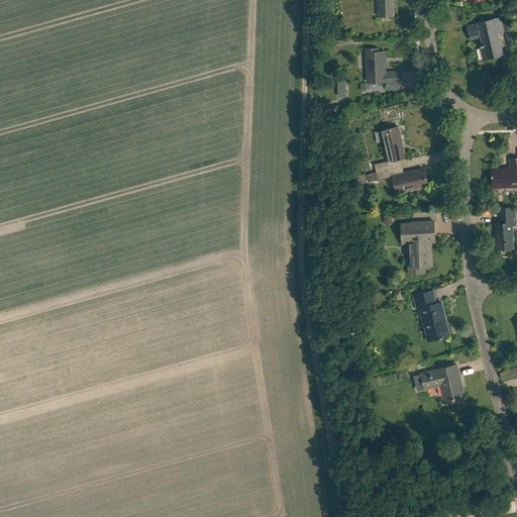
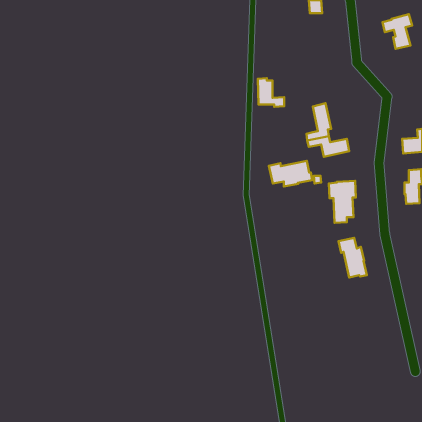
building: [367,48,399,84] -> [258,78,284,107]
building: none -> [269,161,312,187]
building: [421,365,461,401] -> none

